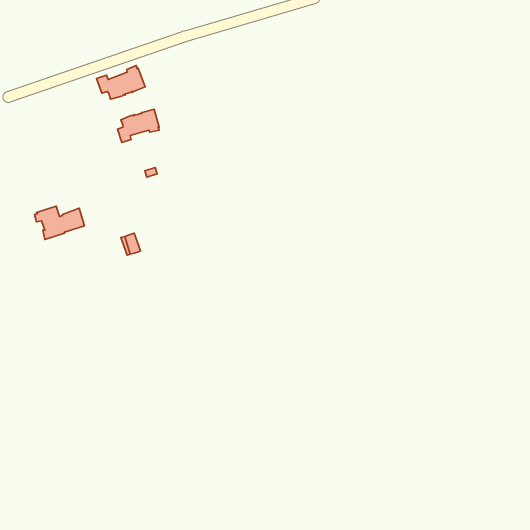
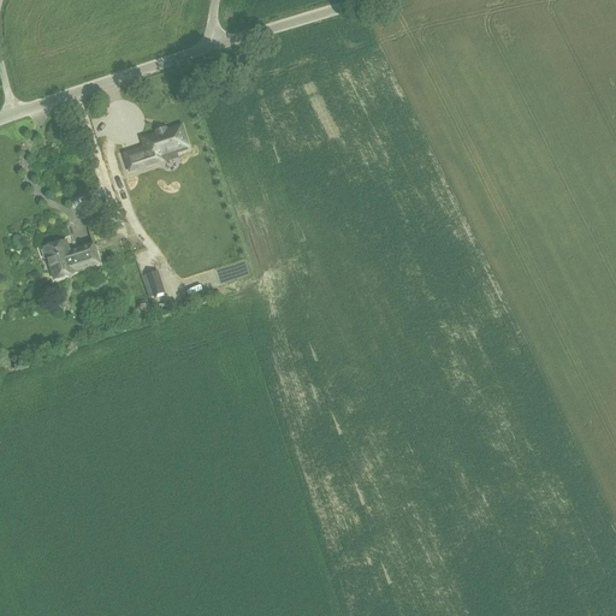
building: [97,65,145,99] -> none

